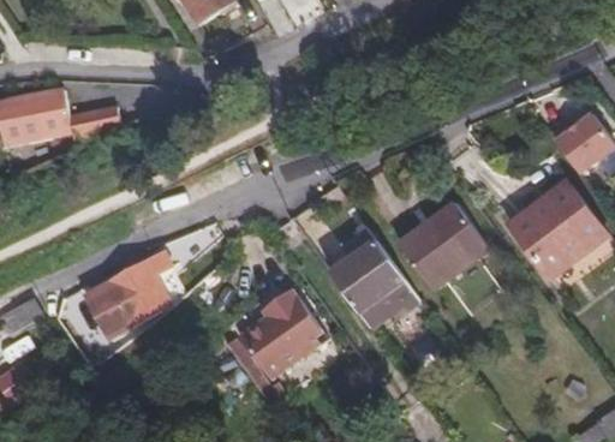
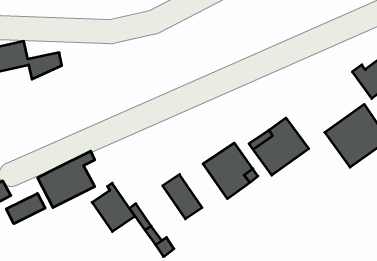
building: [239,304,303,376] -> [92,183,135,232]
building: none -> [6,193,45,224]

